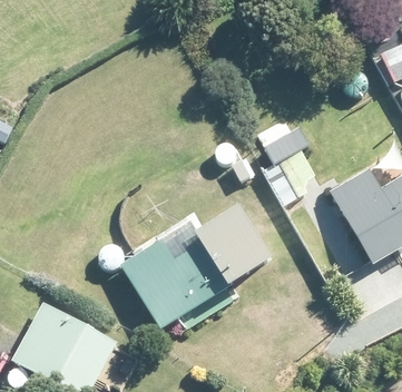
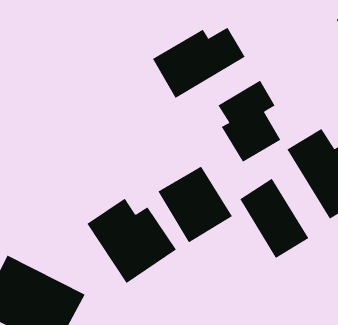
building: none -> [152,27,246,99]
building: none -> [239,178,309,259]

